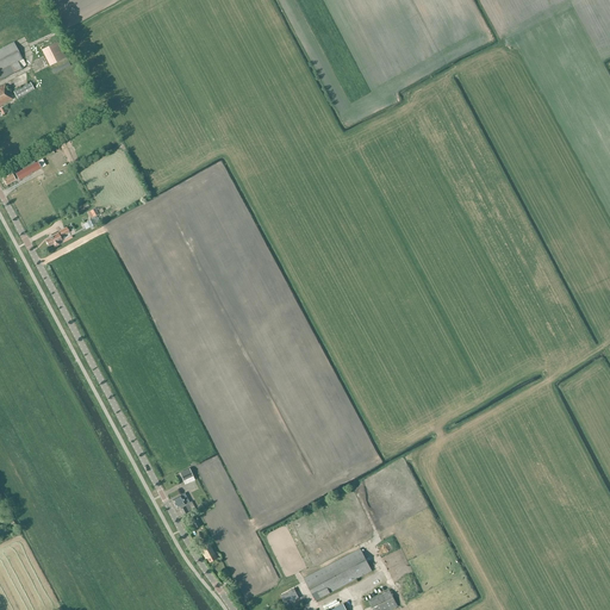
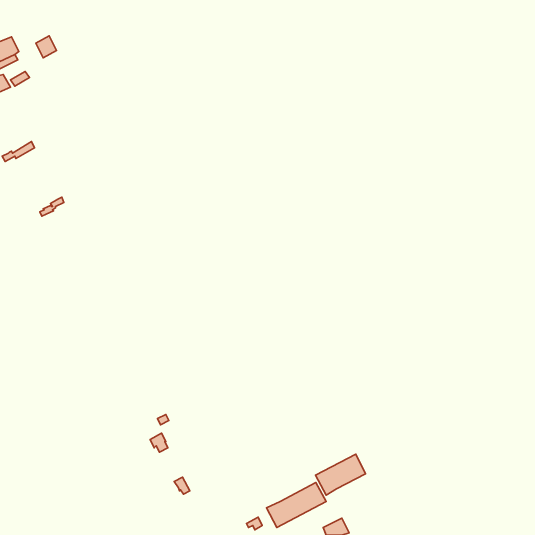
building: none -> [316,454,366,495]

